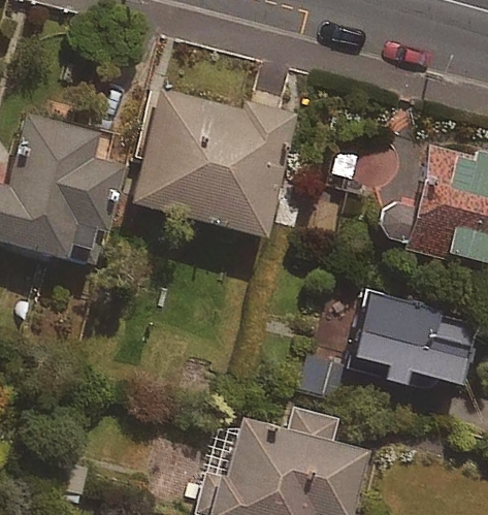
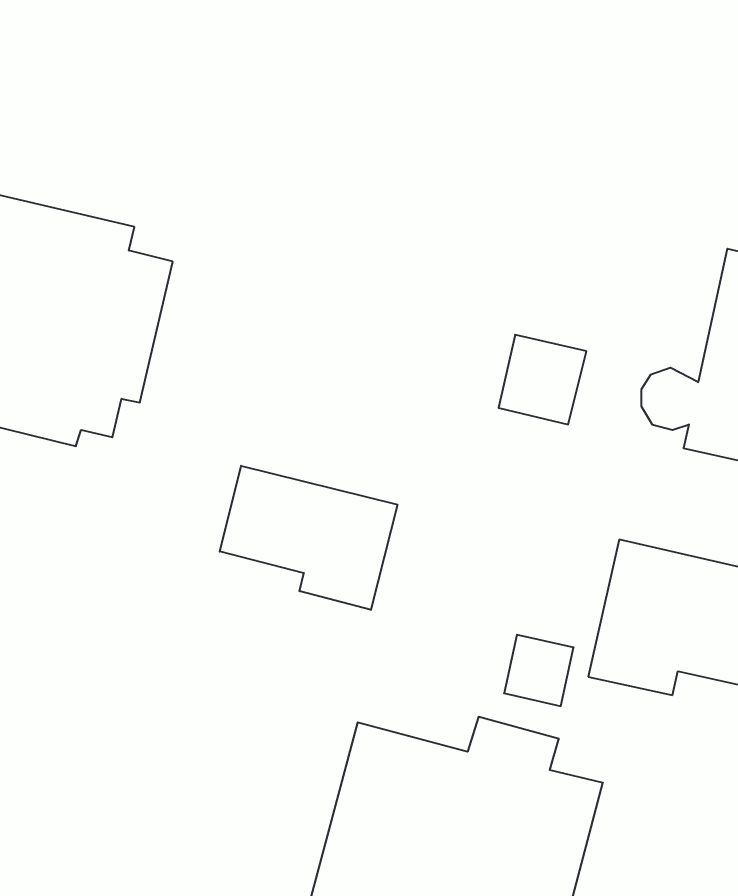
building: [134,91,293,235] -> none
building: none -> [220,466,397,610]

